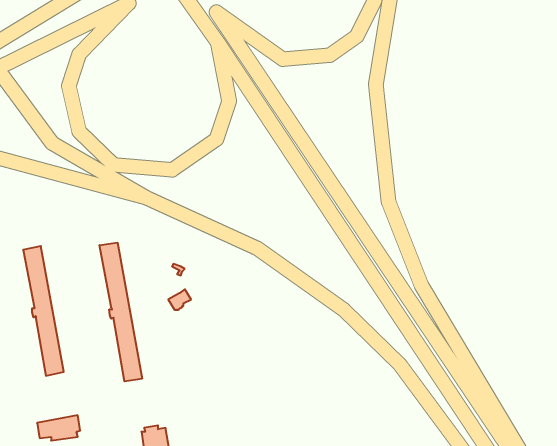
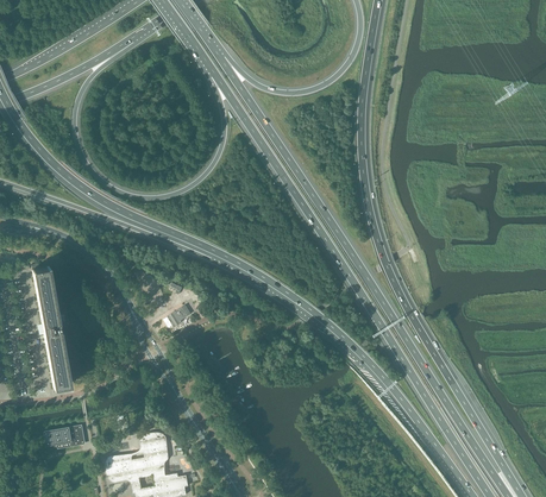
building: [100,243,142,381] -> none

